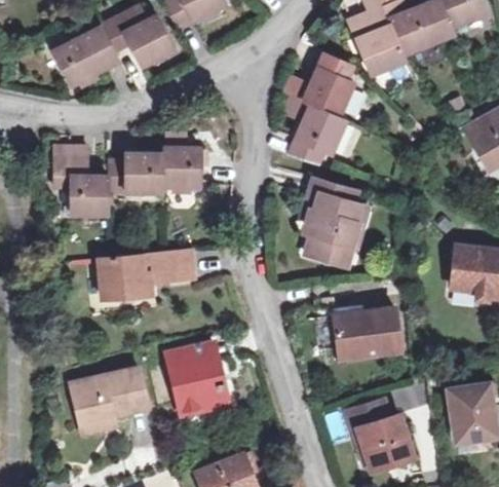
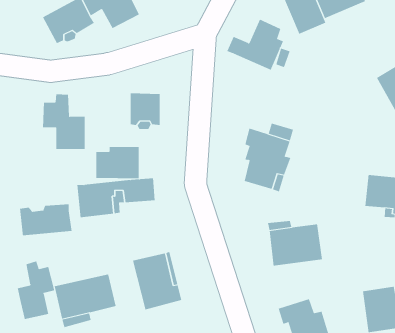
building: [283,98,345,164] -> none
building: [109,153,163,193] -> [95,146,140,179]
building: none -> [20,204,72,236]
building: none -> [17,260,55,320]

